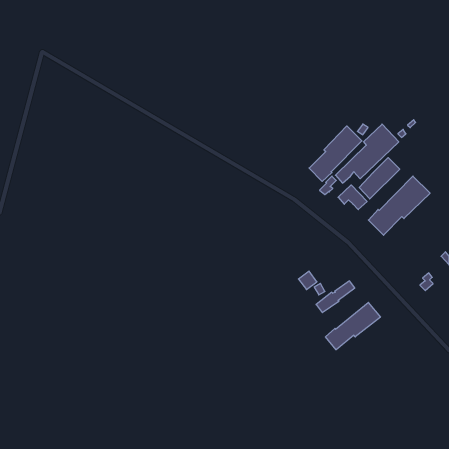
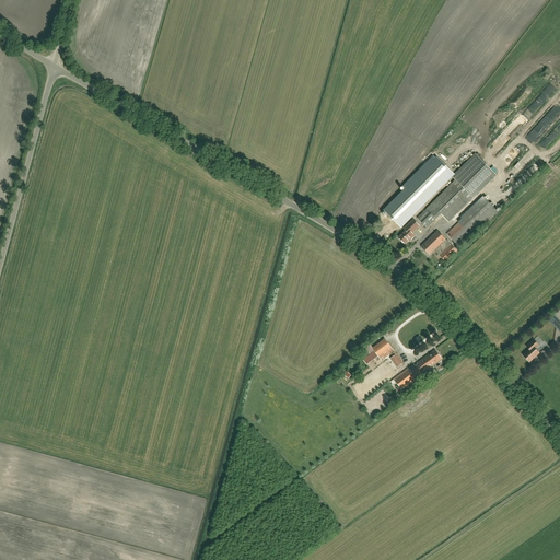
building: [368,176,430,235] -> none
building: [325,302,380,350] -> none

